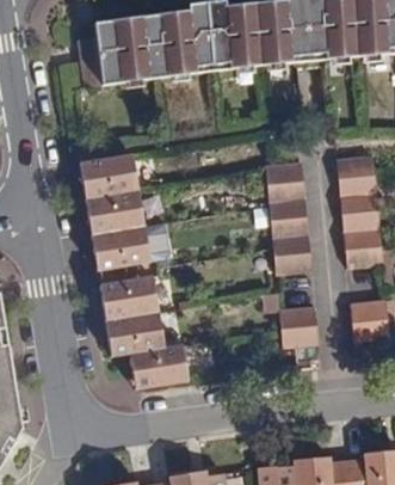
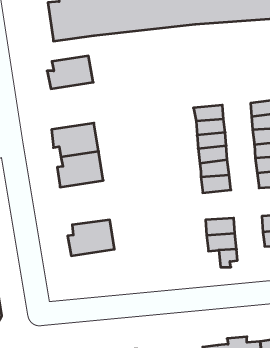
building: [80,152,138,194] -> [47,56,93,89]
building: [98,274,159,314] -> none
building: [110,343,186,388] -> none

